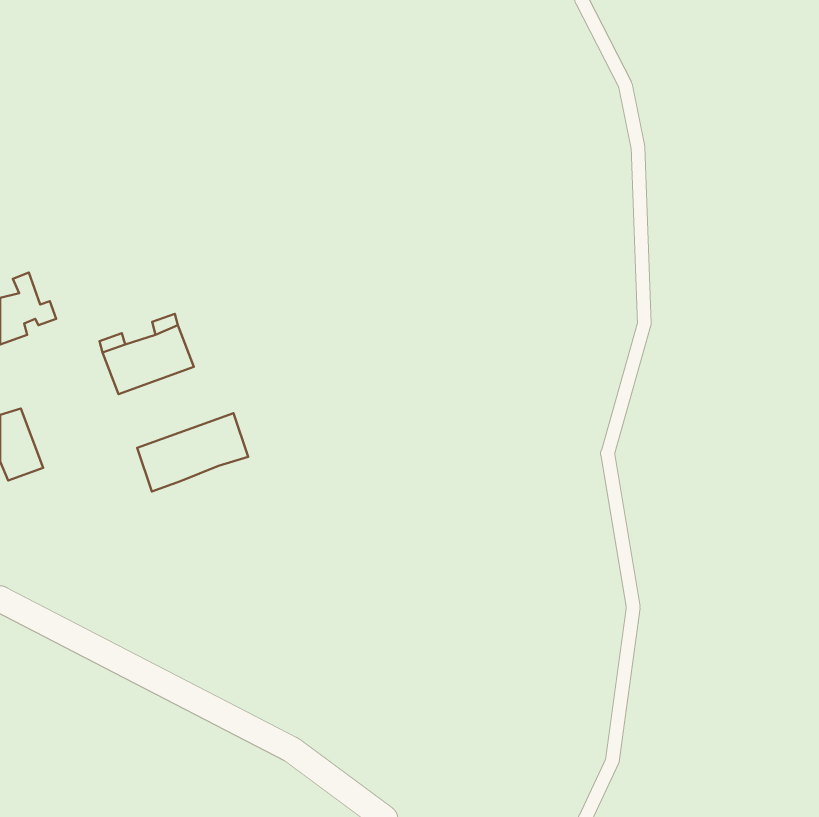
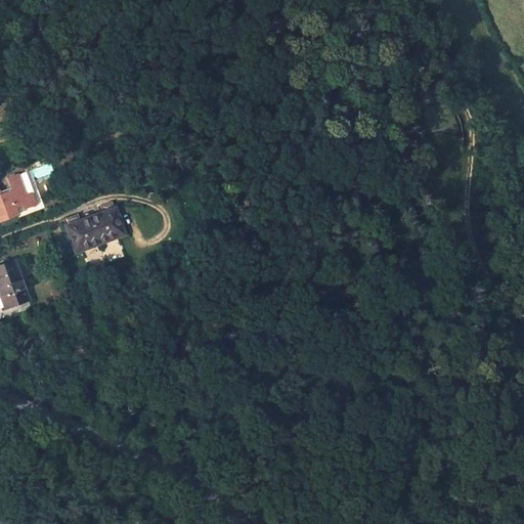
building: [137,413,248,492] -> none

